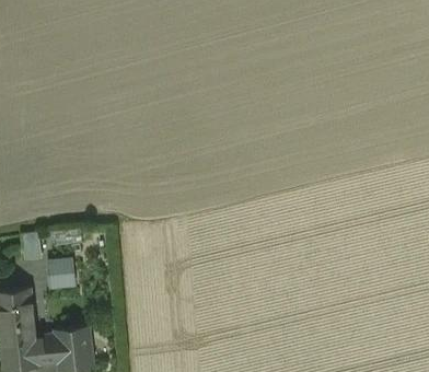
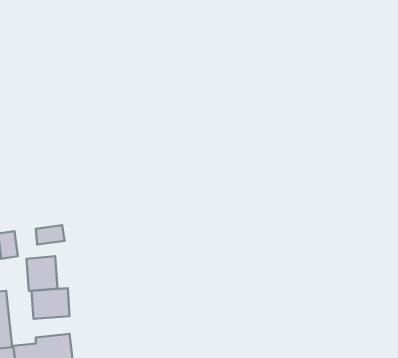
building: none -> [32,288,70,319]

